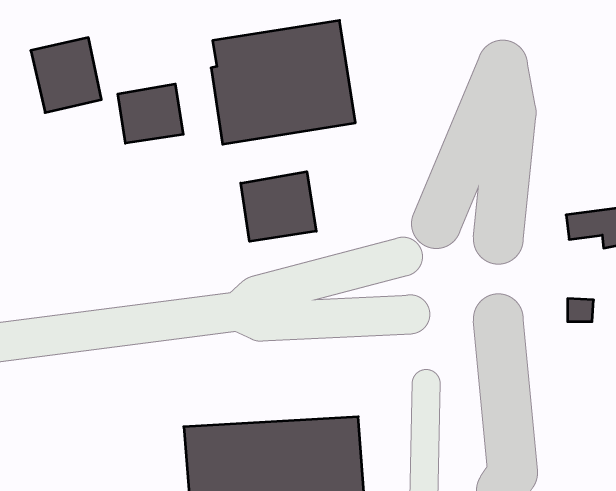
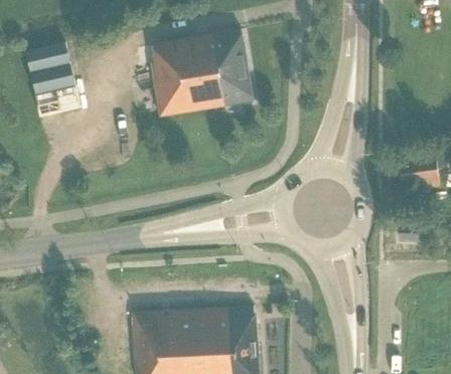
building: [118,84,183,143] -> none
building: [241,172,316,241] -> none

